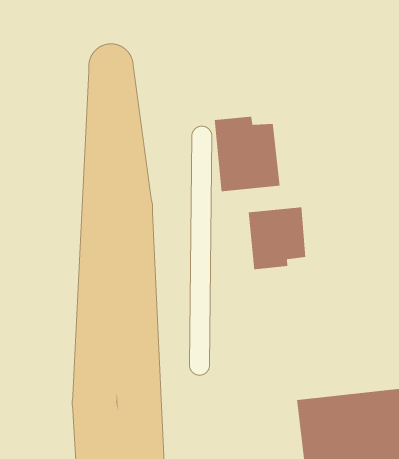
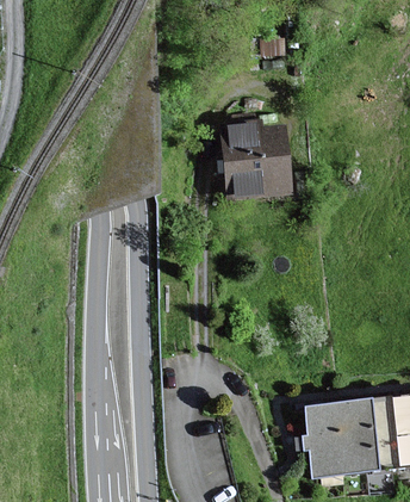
building: [248,207,306,270] -> none

